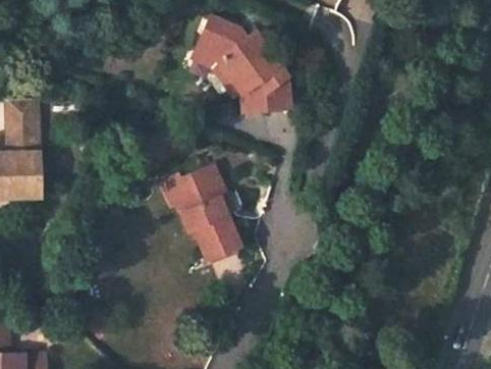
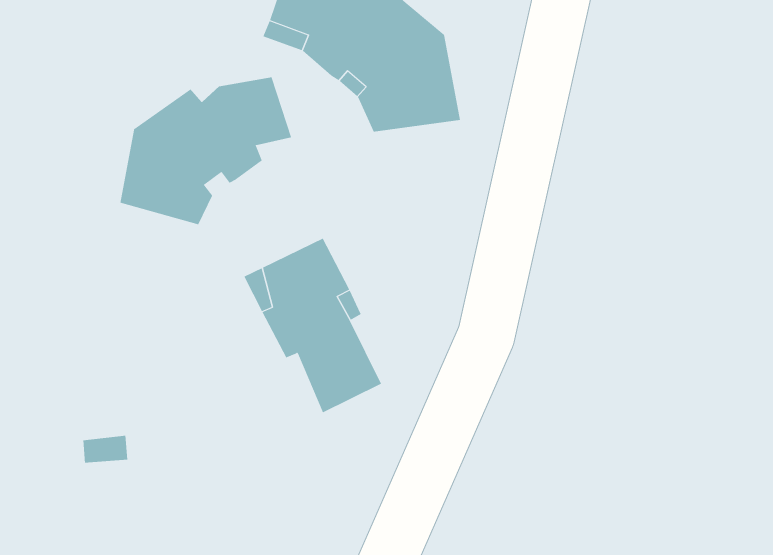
building: none -> [120,76,292,225]

